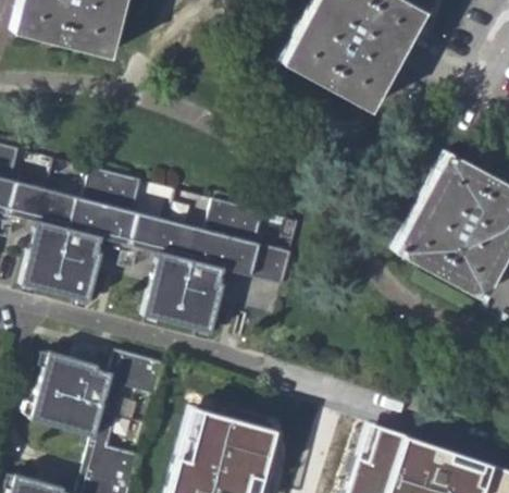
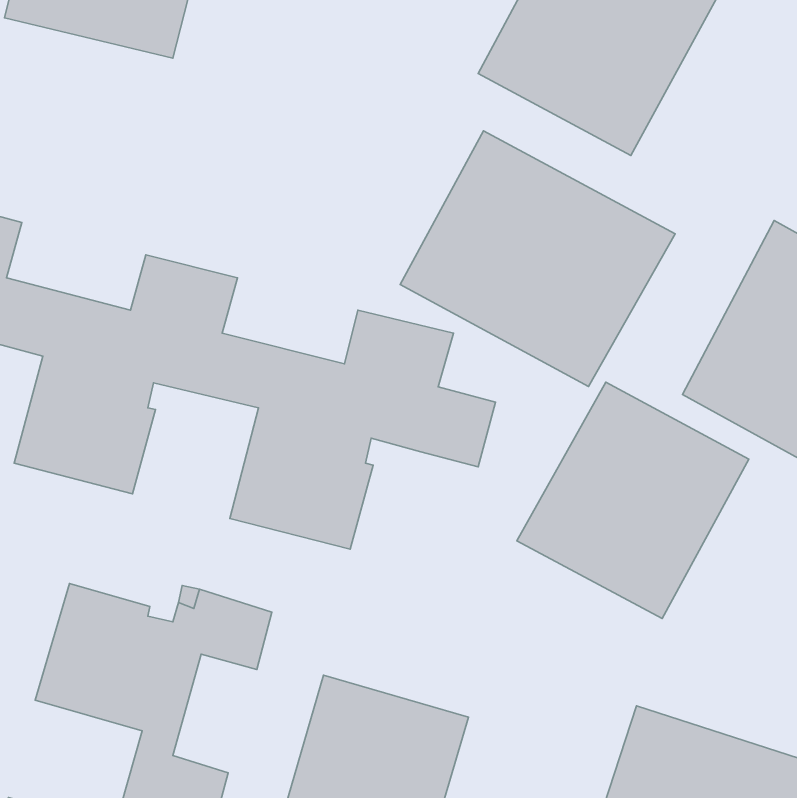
building: none -> [400,131,675,386]
building: none -> [517,382,749,618]

